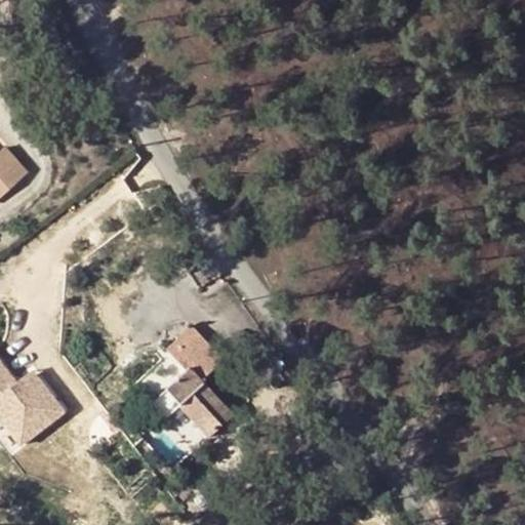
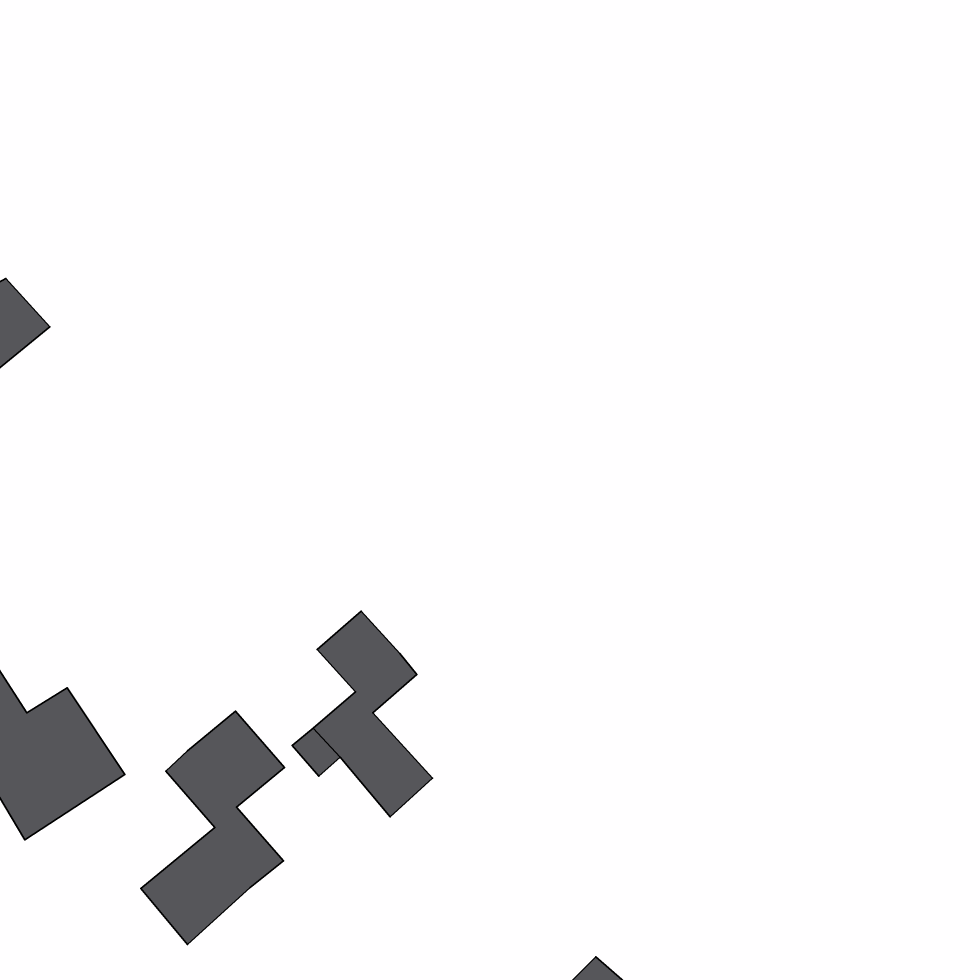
building: none -> [141,711,285,944]

